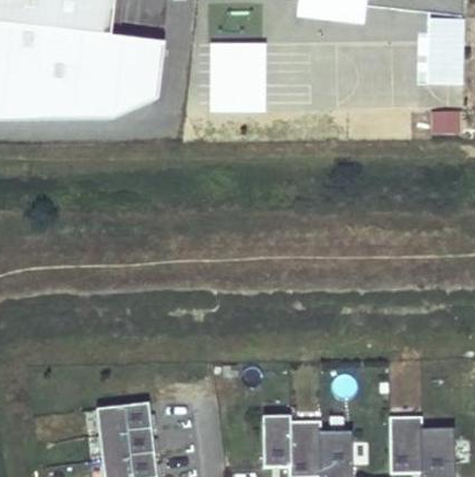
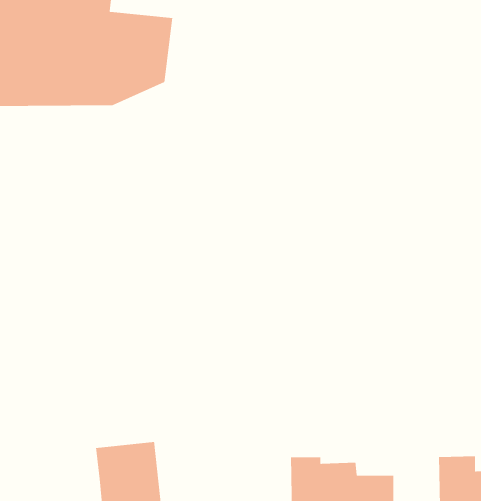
building: [208,43,265,113] -> none

